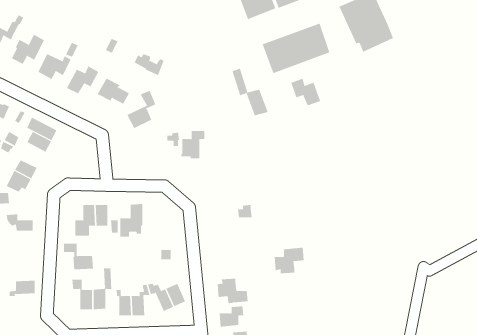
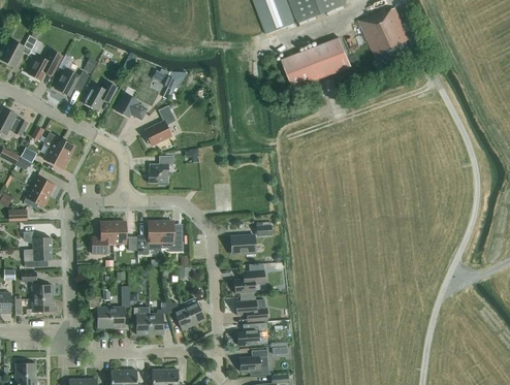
building: [232,68,268,116] -> none
building: [290,78,321,106] -> none
building: [181,130,205,159] -> [149,155,173,184]
building: none -> [160,220,183,251]
building: none -> [230,234,255,256]
building: none -> [24,248,52,266]
building: [63,243,94,270] -> [22,271,53,298]
building: [274,247,305,274] -> [233,269,264,296]

